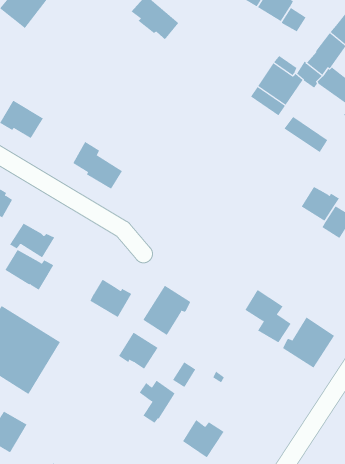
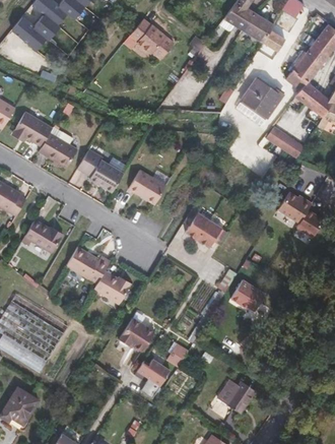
building: none -> [39,133,77,168]
building: none -> [129,171,165,203]
building: none -> [186,211,222,246]
building: [5,249,54,290] -> [66,247,110,283]
building: [143,285,191,336] -> none
building: [283,317,335,369] -> none
building: [182,419,225,458] -> [218,379,256,414]

